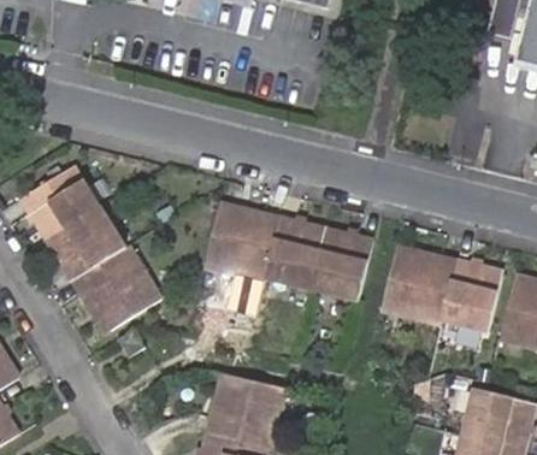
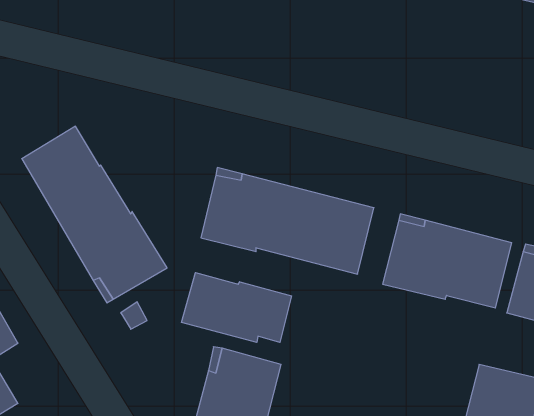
building: none -> [182,273,292,342]

